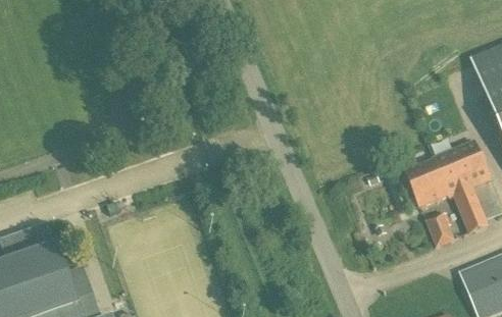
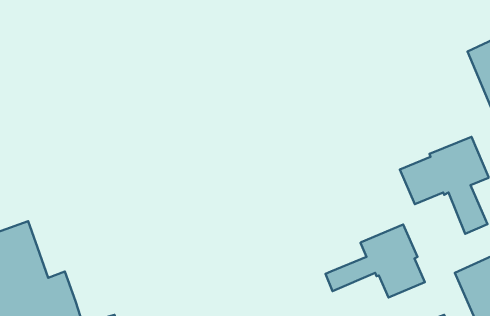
building: [426,211,456,246] -> none
building: none -> [325,225,425,297]

